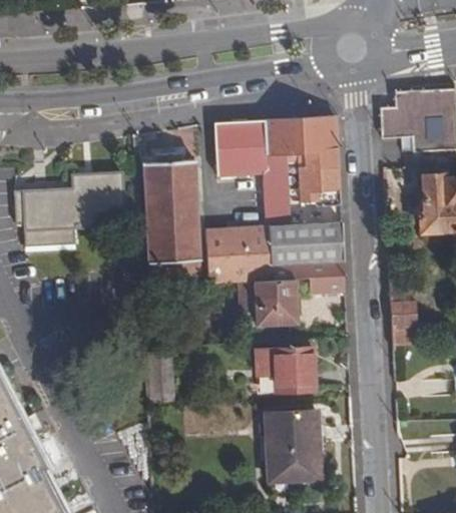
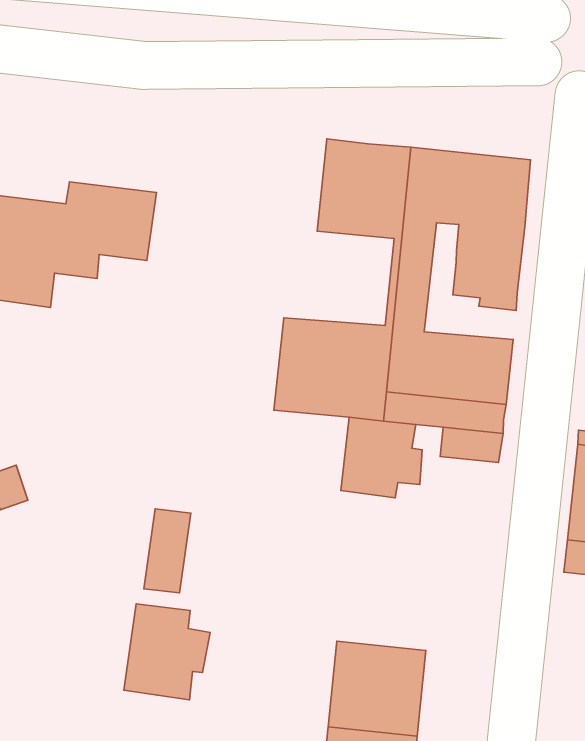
building: [143,159,200,279] -> none
building: [258,346,315,391] -> none
building: none -> [124,604,210,700]

